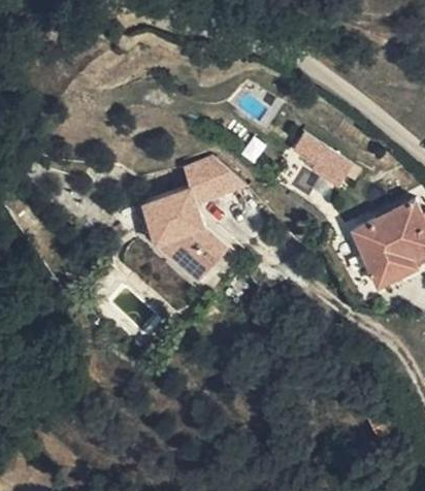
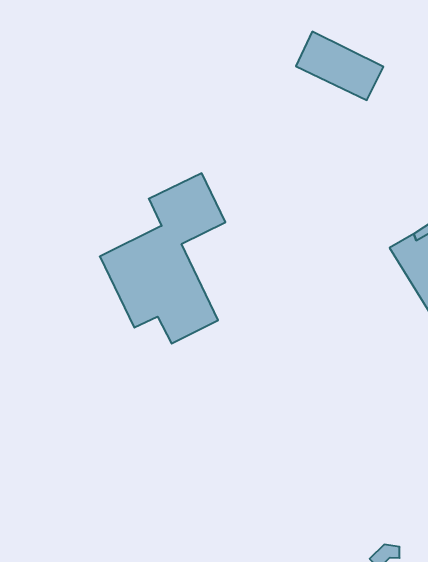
building: [288,132,354,189] -> [296,32,383,100]

